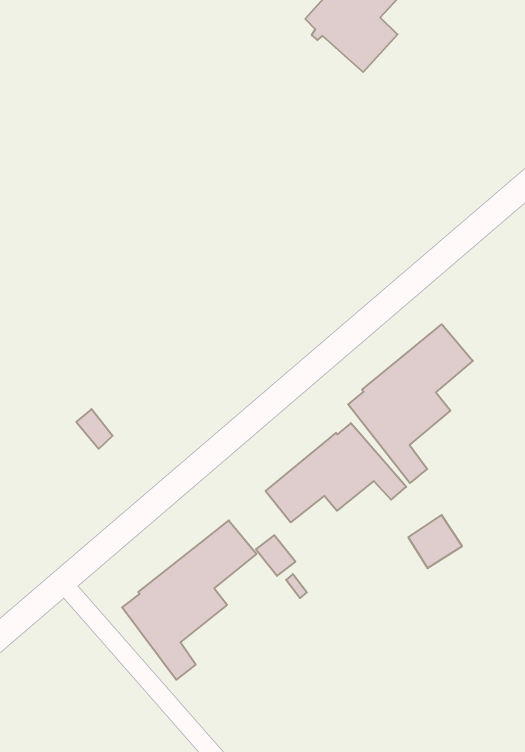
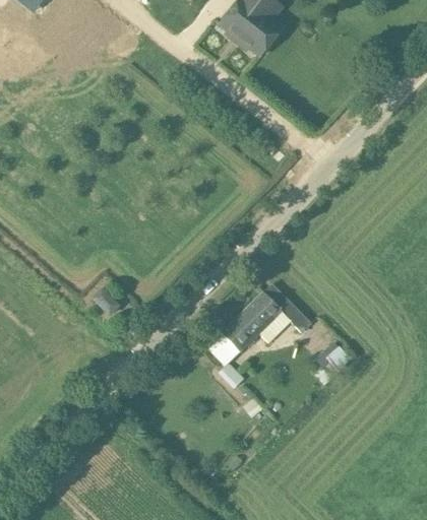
building: [348,324,473,483] -> none
building: [122,520,256,680] -> none

